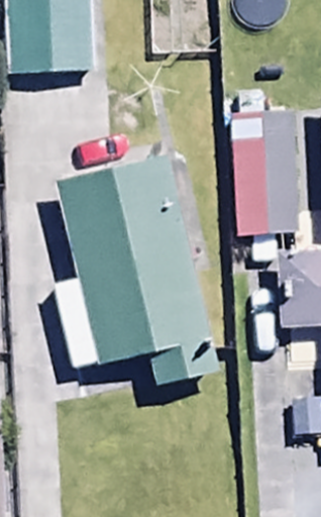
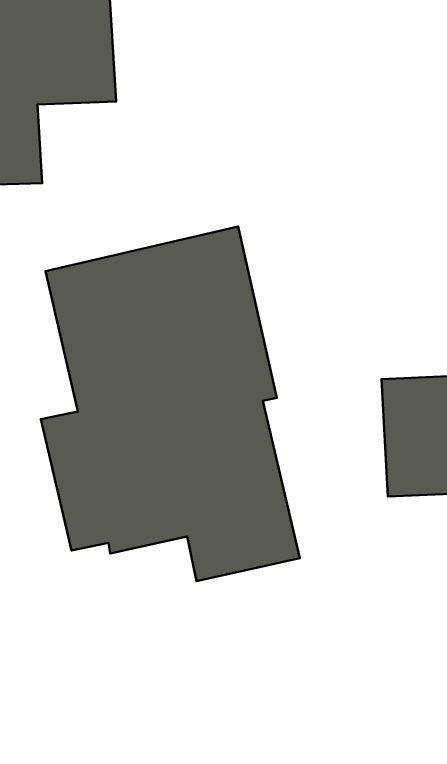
building: [230,114,299,233] -> none

